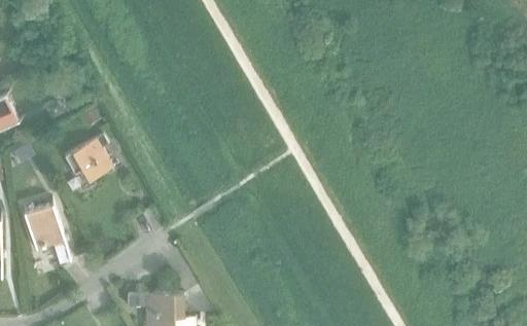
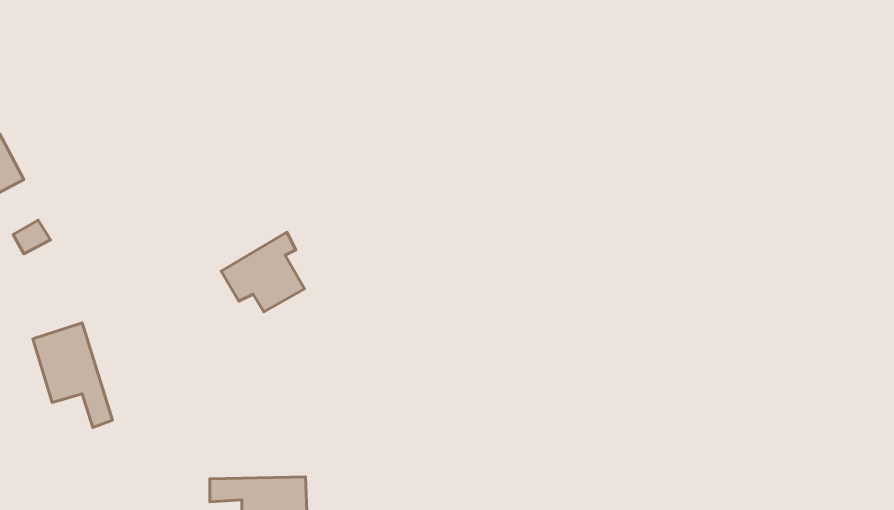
building: [64,135,112,181] -> [221,232,305,312]

